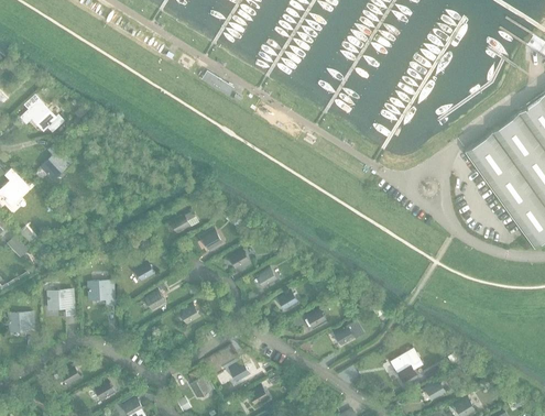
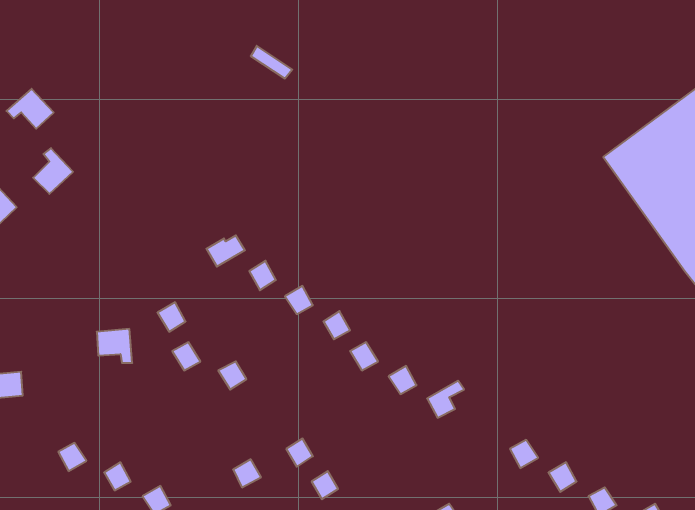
building: [47,289,74,315] -> none

